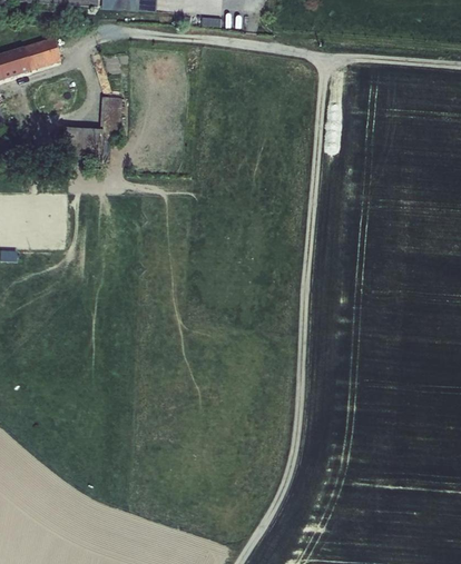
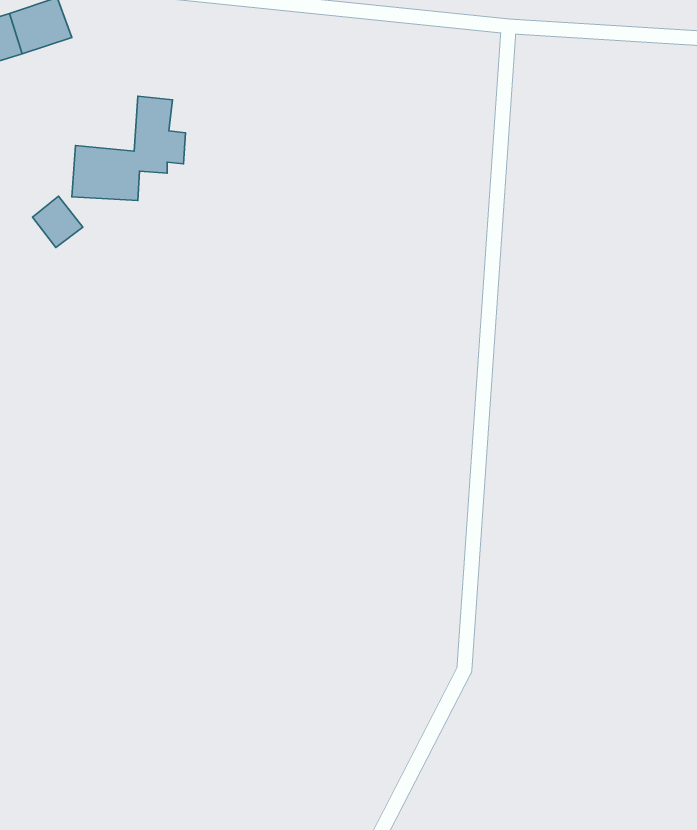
building: none -> [33,196,83,247]

